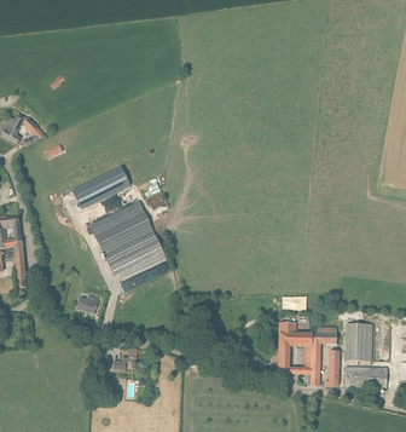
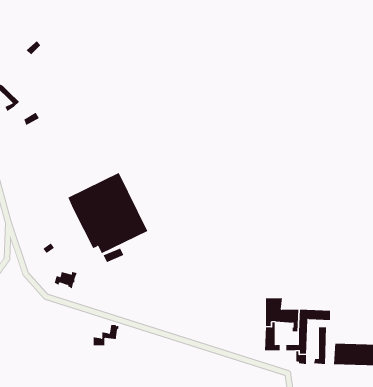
building: [72,166,130,208] -> none
building: [346,323,371,359] -> none

